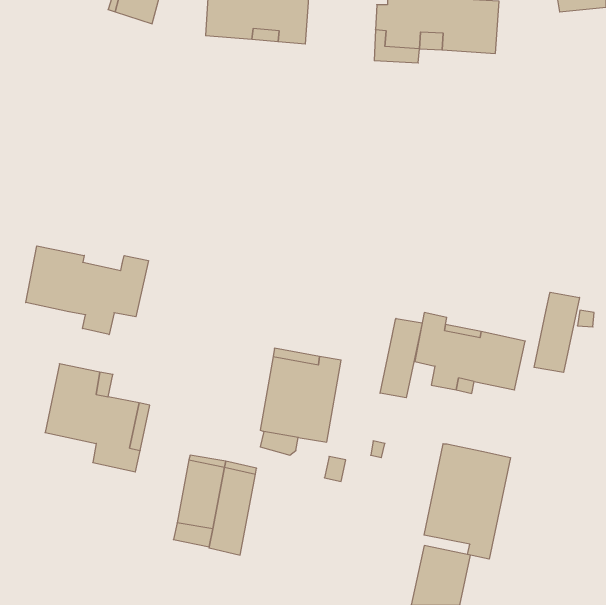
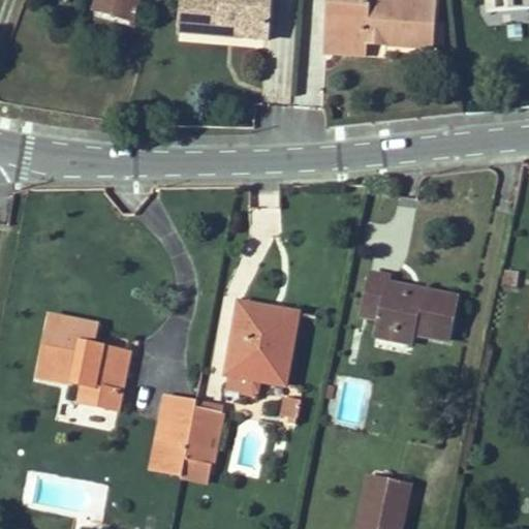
building: [26,246,148,335] -> none
building: [534,292,579,372] -> none
building: [380,318,422,398] -> none
building: [424,444,510,559] -> none

